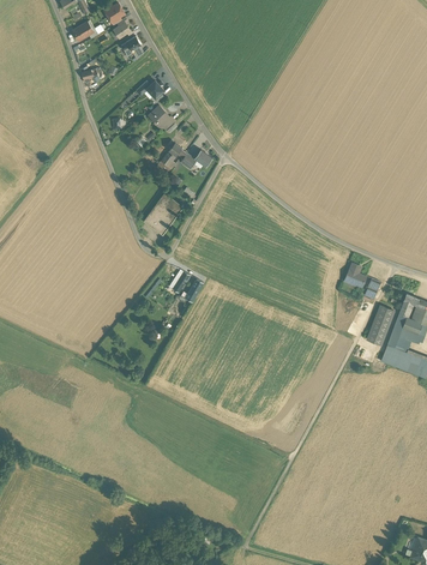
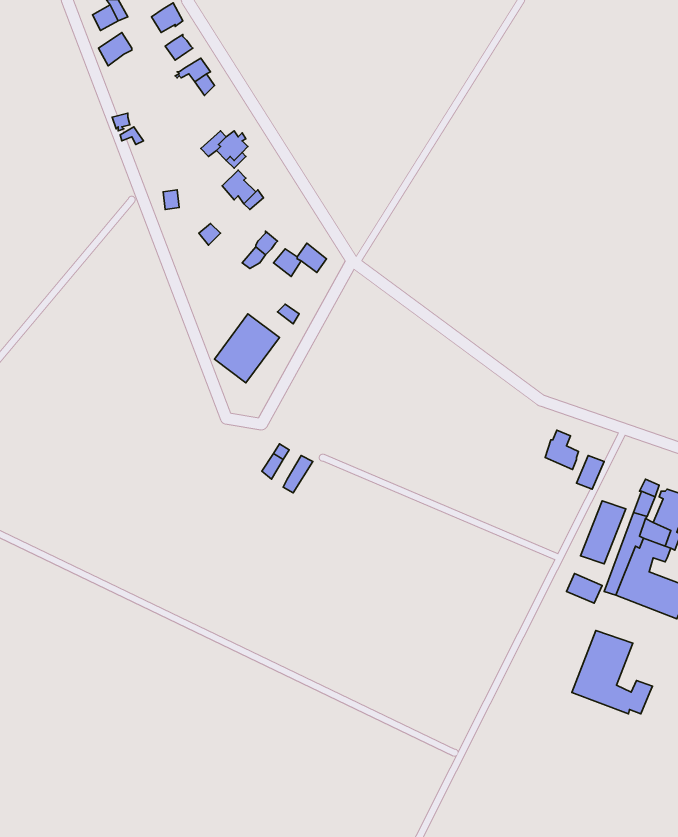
building: none -> [572,630,652,714]

